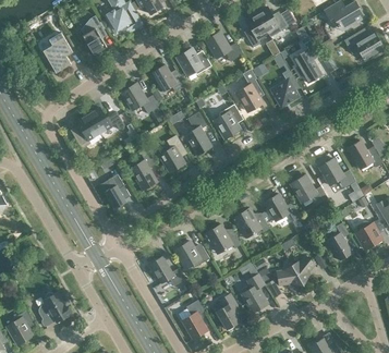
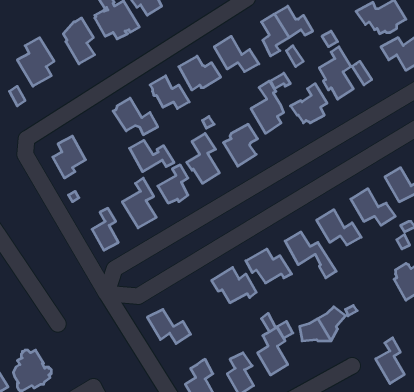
building: [87,108,124,134] -> [129,140,174,172]
building: [327,222,351,260] -> [376,338,404,384]
building: [173,241,208,269] -> none

